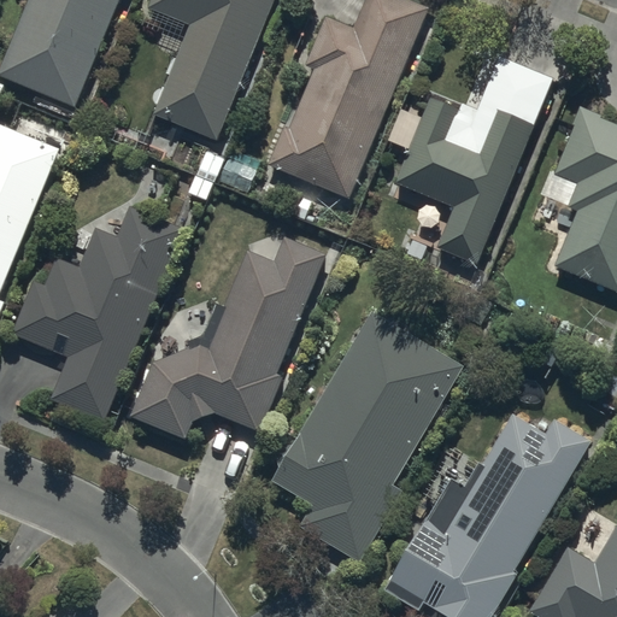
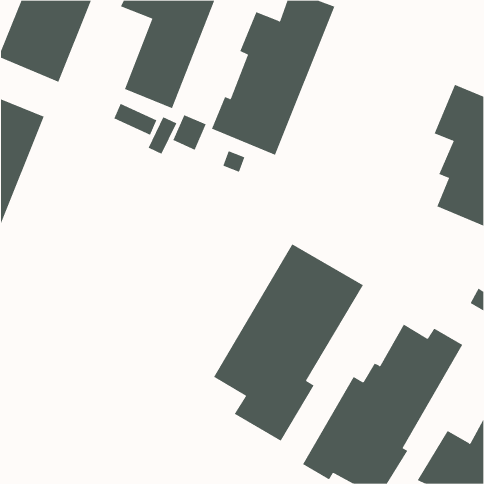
building: [388,52,553,260] -> none
building: [10,205,180,419] -> none
building: [129,236,325,437] -> none

